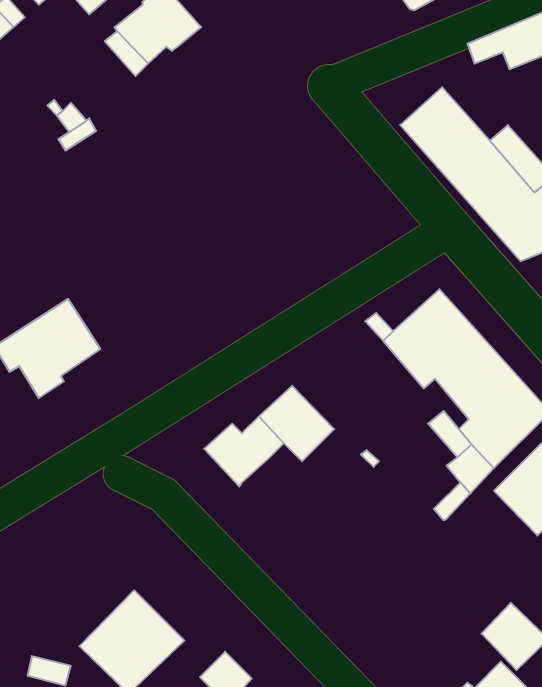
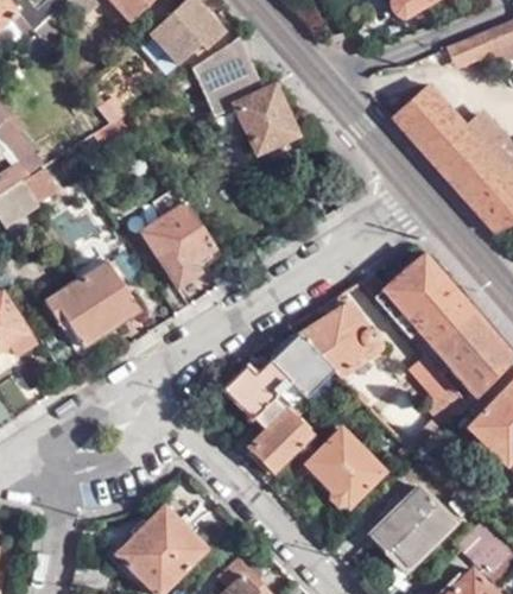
building: none -> [188,36,294,154]
building: none -> [141,188,223,287]
building: none -> [298,303,385,379]
building: none -> [251,398,314,475]
building: none -> [306,430,385,506]
building: none -> [370,486,457,573]

